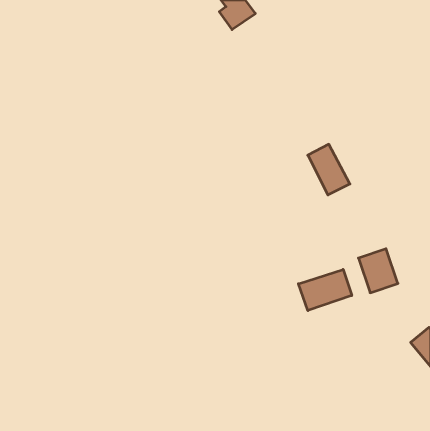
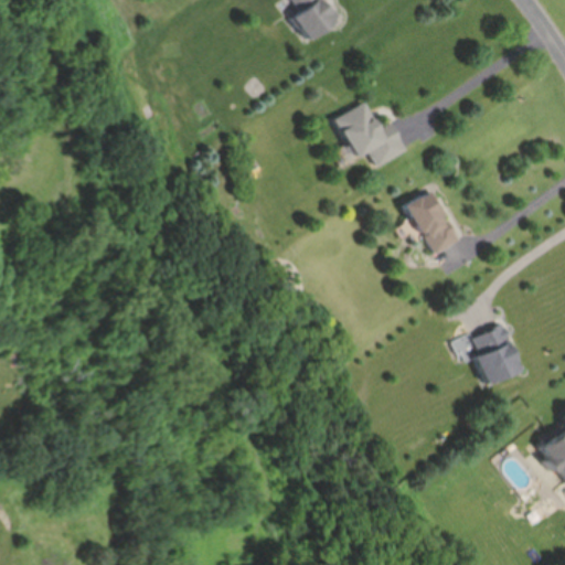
building: none -> [334,103,405,164]
building: [298,269,352,311] -> none

